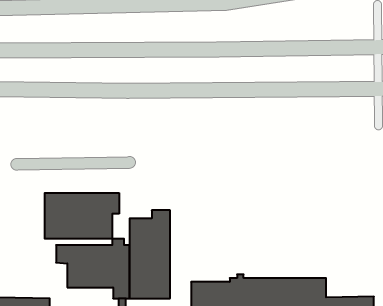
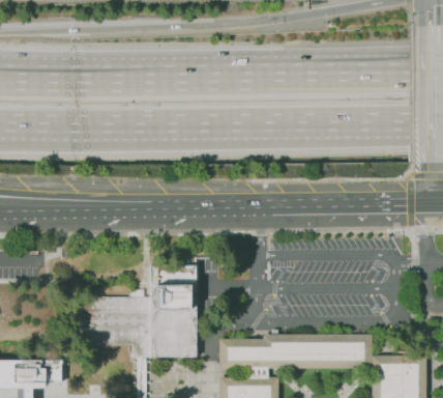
building: [45,193,119,239] -> none

